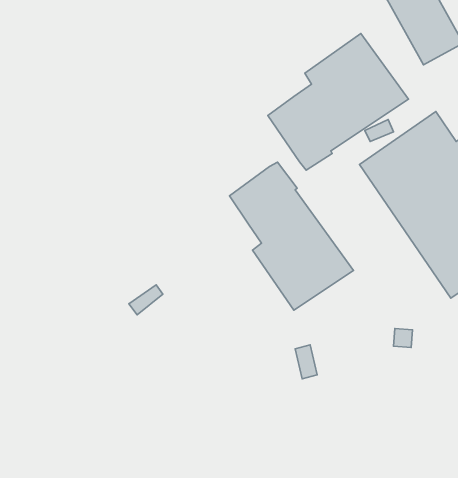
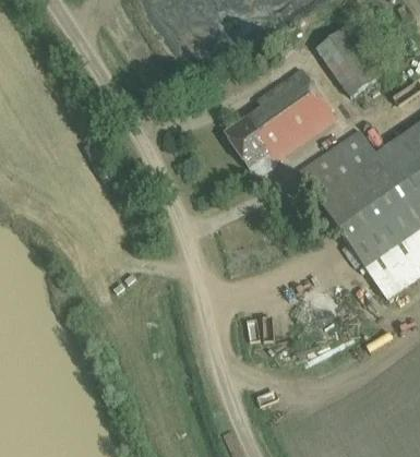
building: [229,162,353,310] -> none

